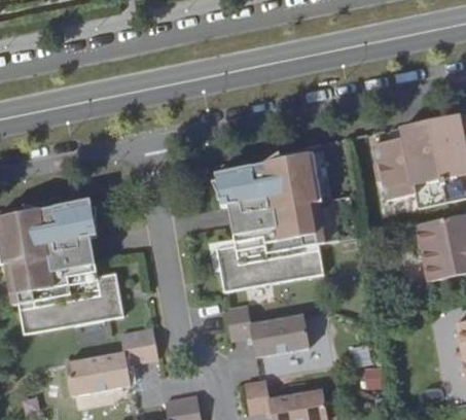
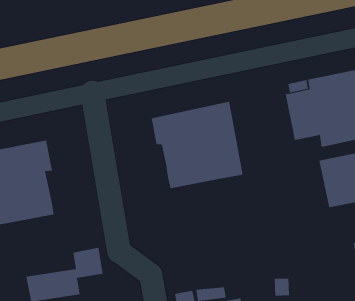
building: [217,245,303,291] -> none
building: [39,274,124,330] -> none
building: [225,305,311,356] -> none

